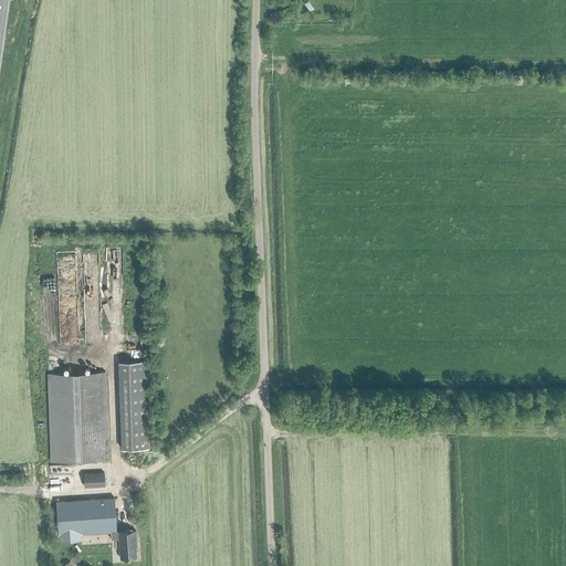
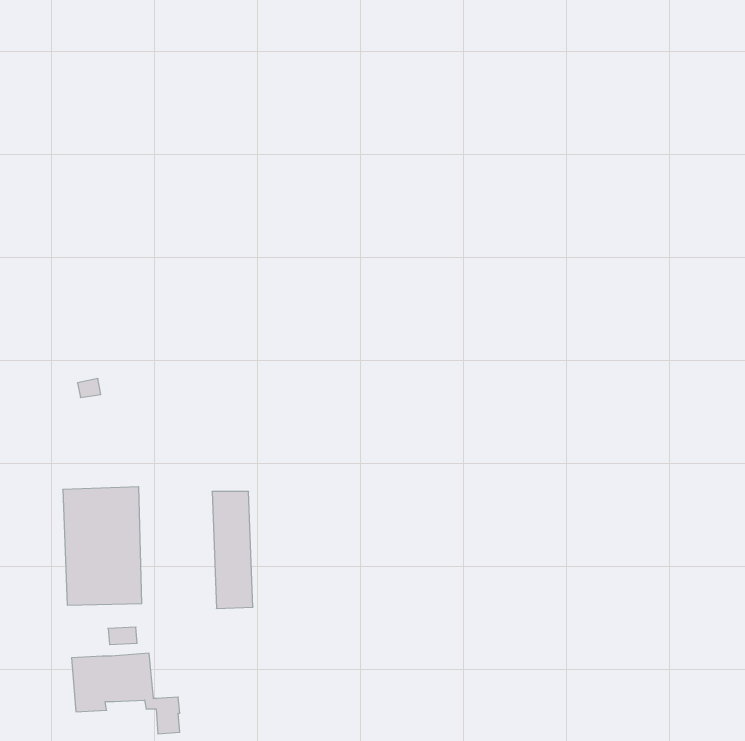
building: [117,366,148,454] -> [212,492,253,609]

